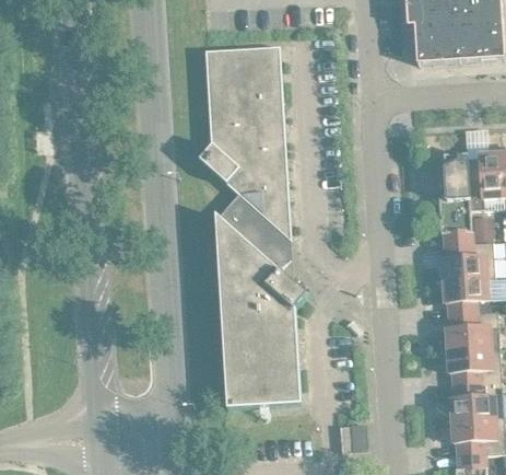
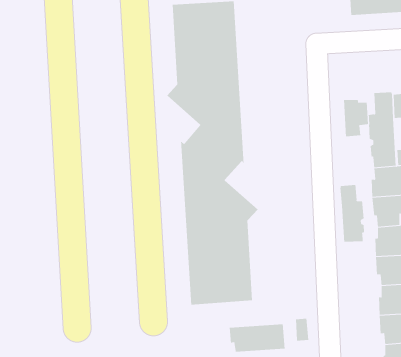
building: none -> [344,99,368,137]
building: none -> [340,184,364,243]
building: none -> [229,323,285,353]

